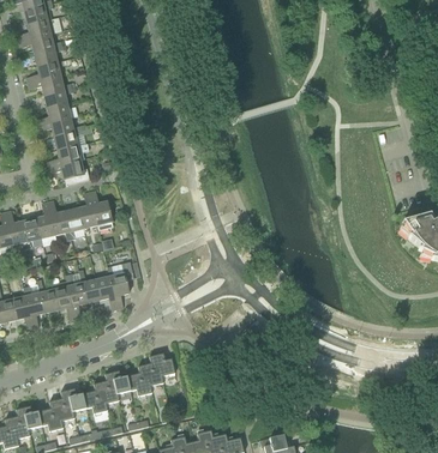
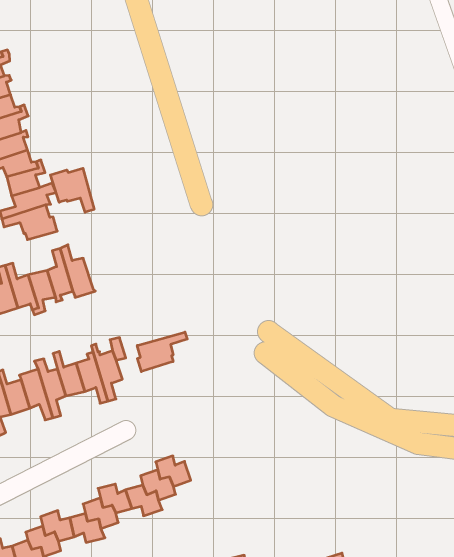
building: none -> [50,168,94,212]
building: none -> [137,332,187,372]

